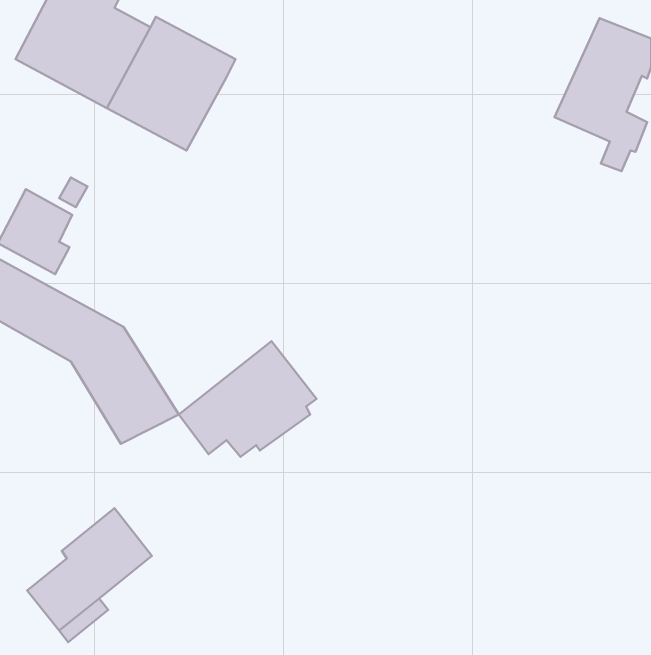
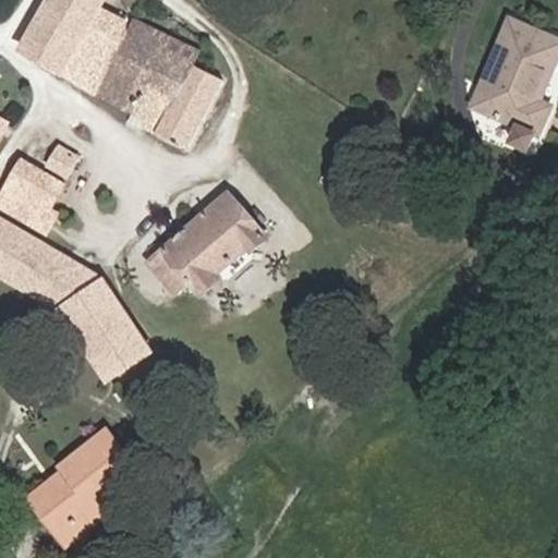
building: none -> [154,65,221,150]
building: [179,341,316,457] -> [146,195,263,293]

